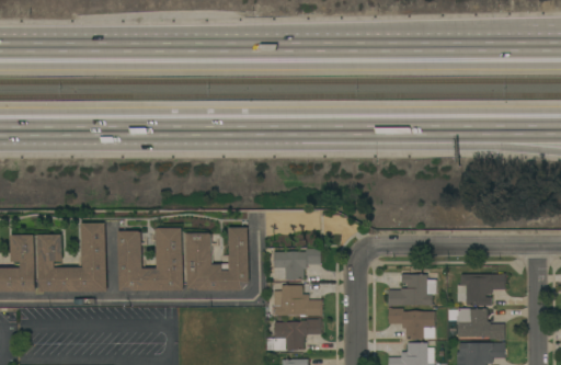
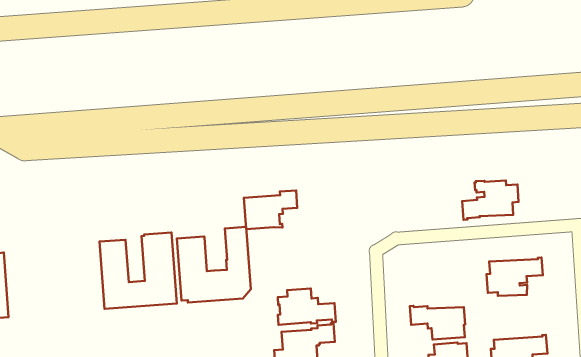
building: [41,223,108,292] -> none
building: [274,249,320,281] -> [244,190,297,229]
building: [388,274,437,307] -> [462,180,519,220]
building: [456,308,504,340] -> none

